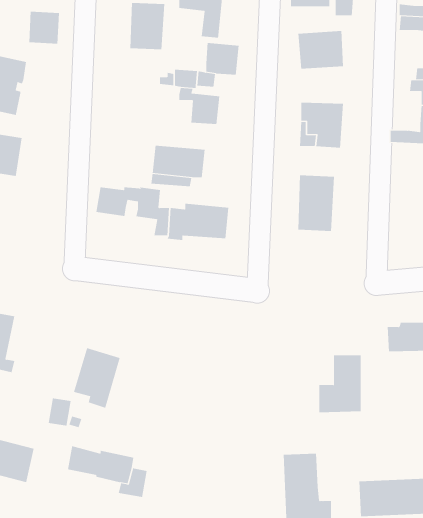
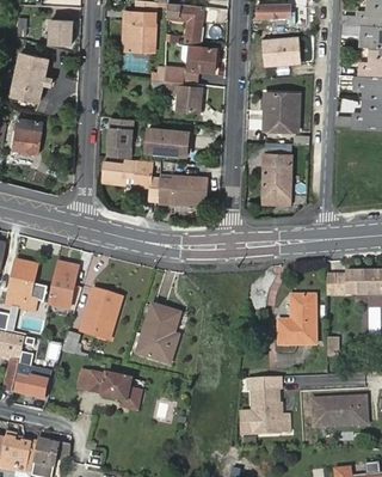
building: none -> [107,117,133,158]
building: none -> [48,262,78,308]
building: none -> [136,306,178,363]

